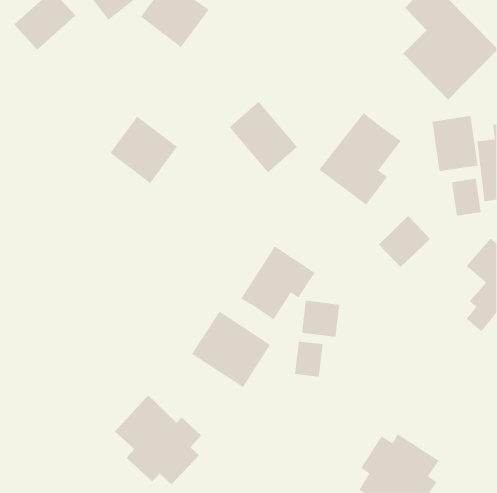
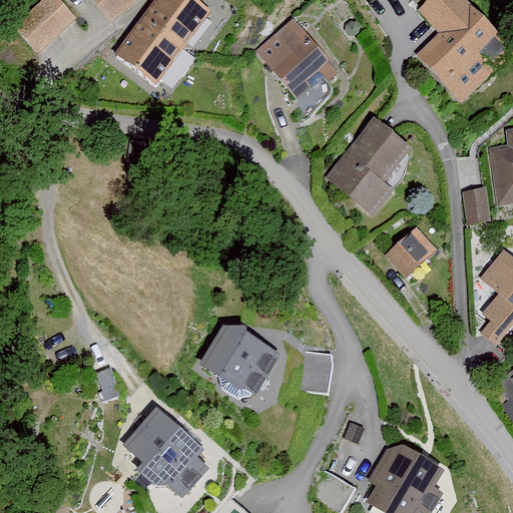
building: [229,101,298,173] -> [262,20,333,94]
building: [432,115,478,172] -> none
building: [110,116,178,184] -> [116,17,186,87]
building: [241,246,316,320] -> none
building: [302,300,340,338] -> none

